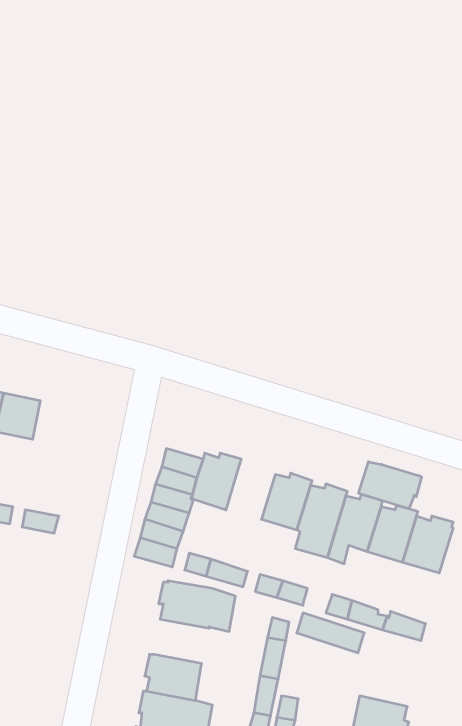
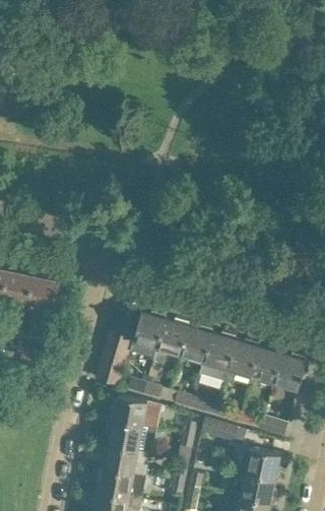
building: none -> [27,276,59,308]
building: [359,462,422,509] -> none
building: none -> [153,318,189,363]
building: none -> [107,420,158,453]
building: none -> [244,449,281,478]

